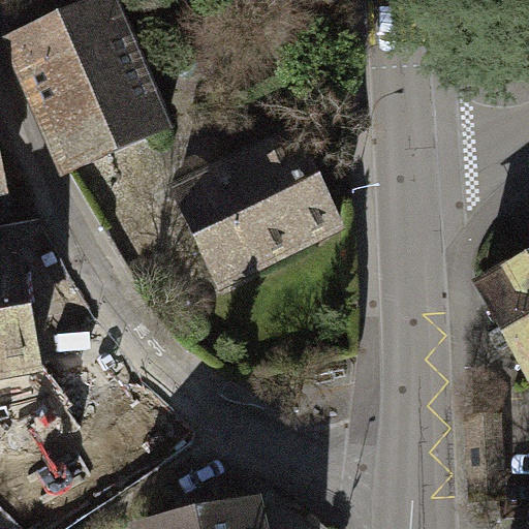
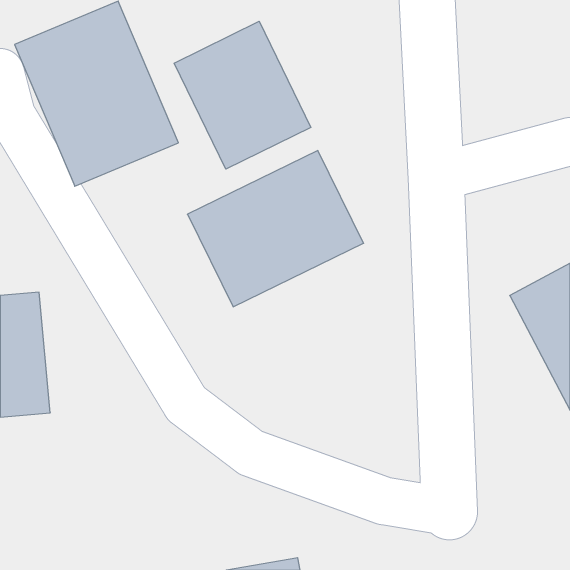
building: none -> [174,21,311,169]

